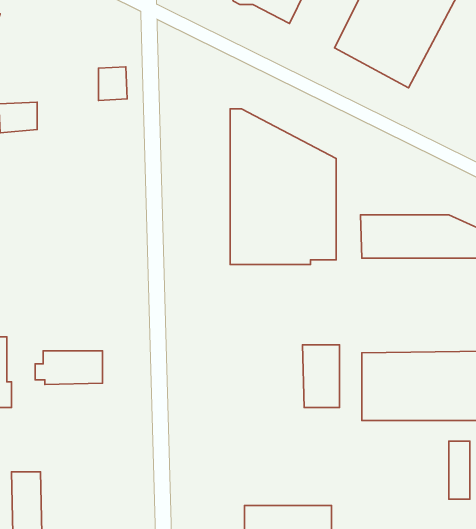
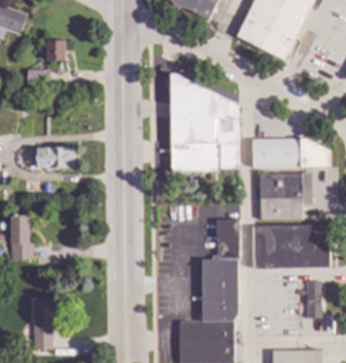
building: [98,67,127,100] -> [47,38,65,59]
building: none -> [261,173,313,219]
building: [35,351,103,385] -> [30,147,72,168]
building: none -> [201,259,237,321]

